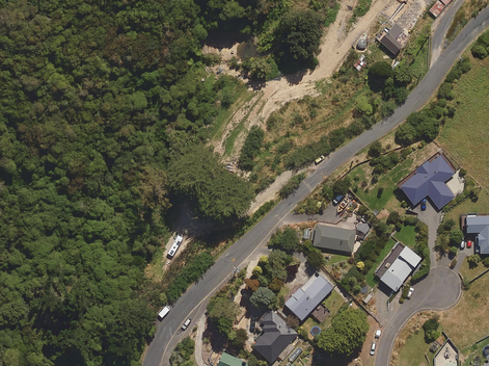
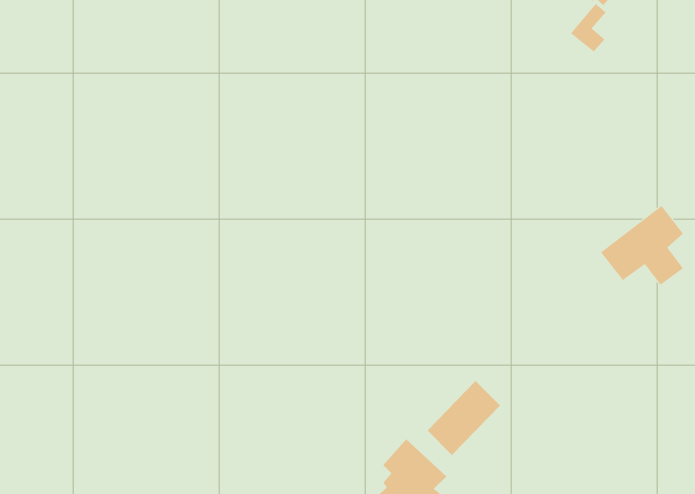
building: [311,226,355,252] -> none
building: [374,242,420,291] -> none

